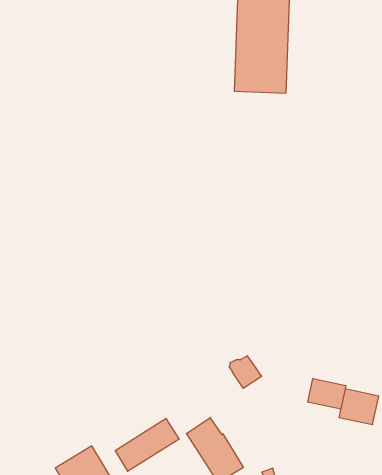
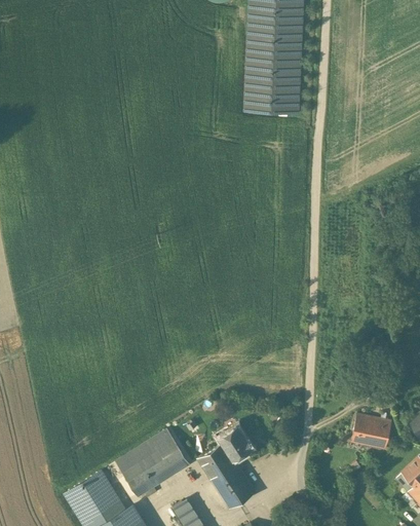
building: [229,356,262,388] -> [219,426,252,459]
building: [308,378,346,409] -> none
building: none -> [116,428,177,476]

